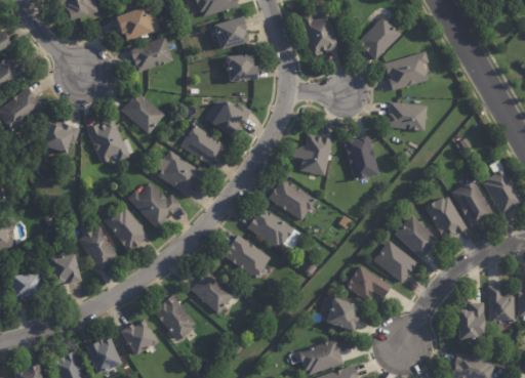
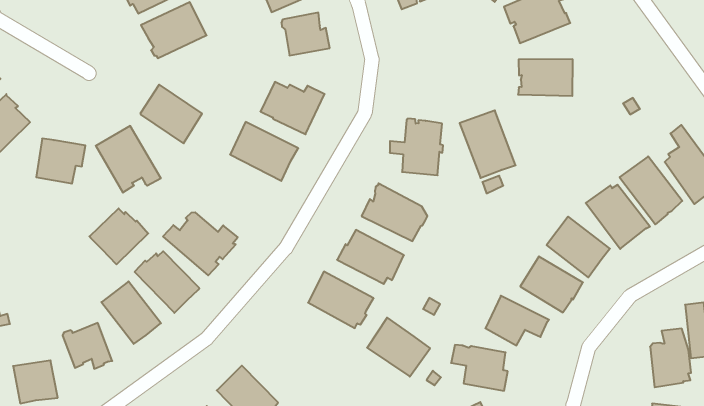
building: [159,151,206,197] -> none
building: none -> [89,208,148,264]
building: [191,270,235,313] -> [367,318,430,377]

